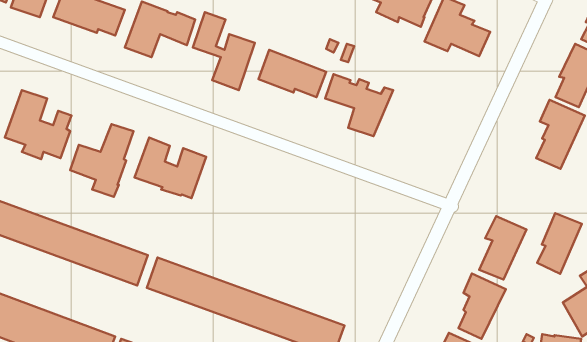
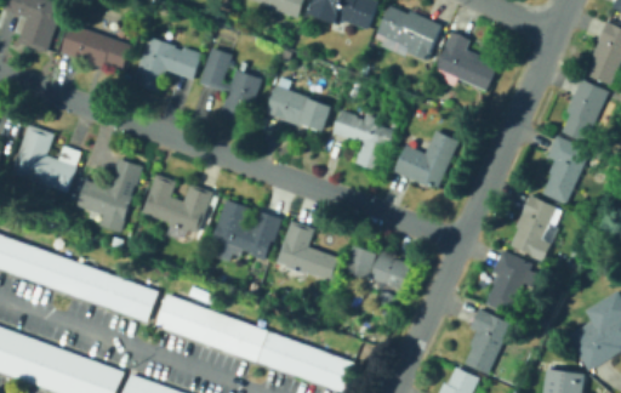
building: none -> [392,130,458,187]
building: none -> [211,199,283,261]
building: none -> [275,220,343,283]
building: none -> [344,246,411,306]
building: [537,213,582,274] -> [511,195,556,256]

